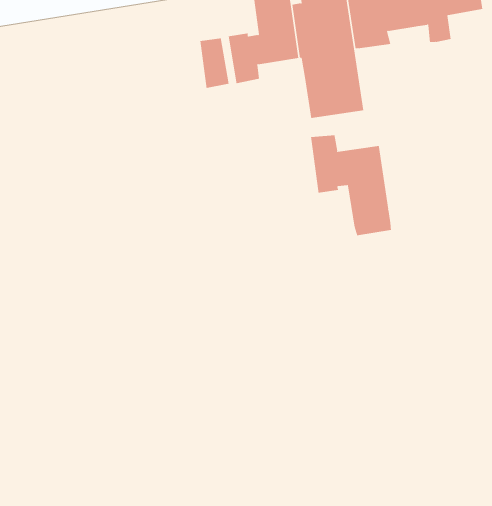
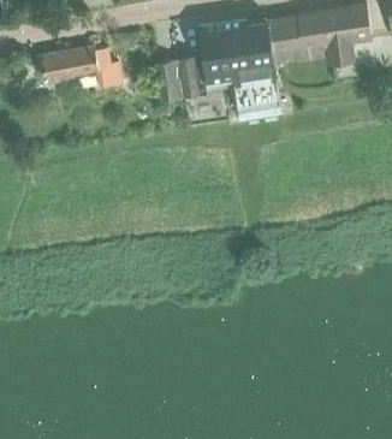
building: none -> [34,46,121,87]
building: [311,134,391,236] -> none

